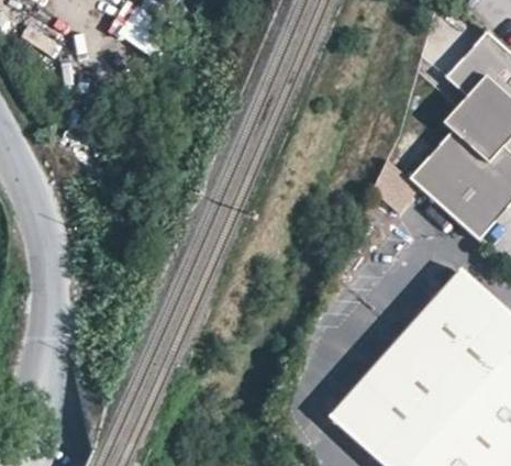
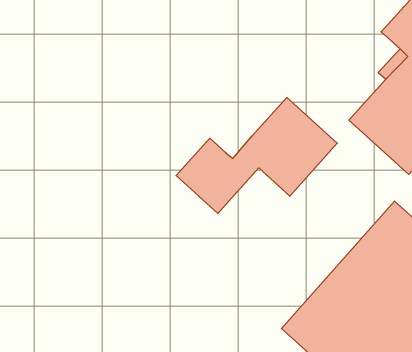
building: none -> [176,98,337,213]

